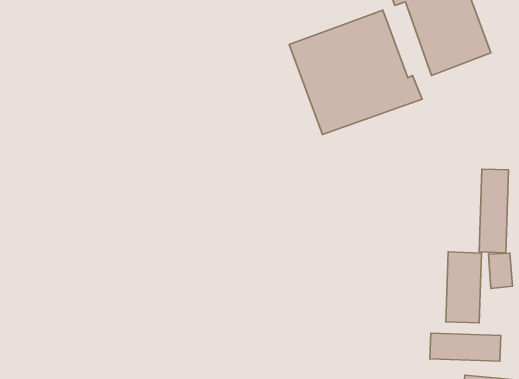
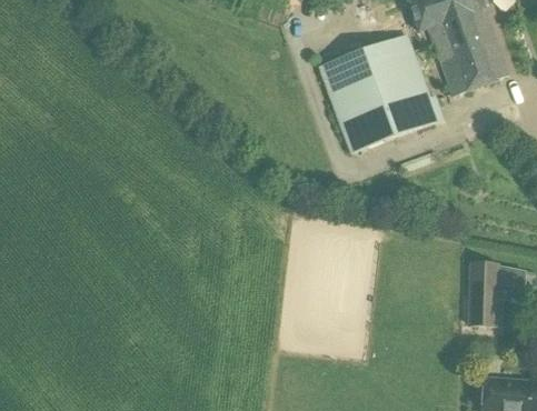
building: [479,169,508,253] -> none
building: [430,333,501,361] -> none

